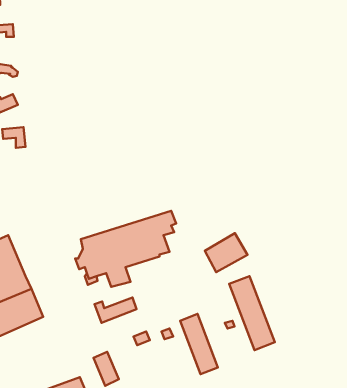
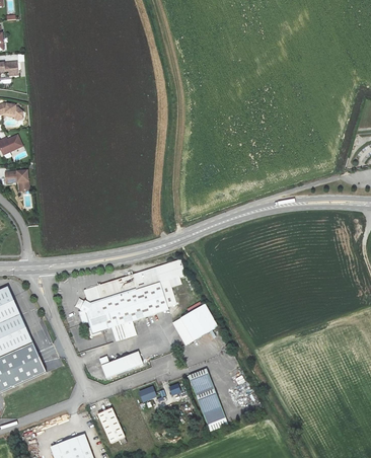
building: [205,233,247,272] -> [173,302,218,342]
building: [229,276,275,350] -> none

